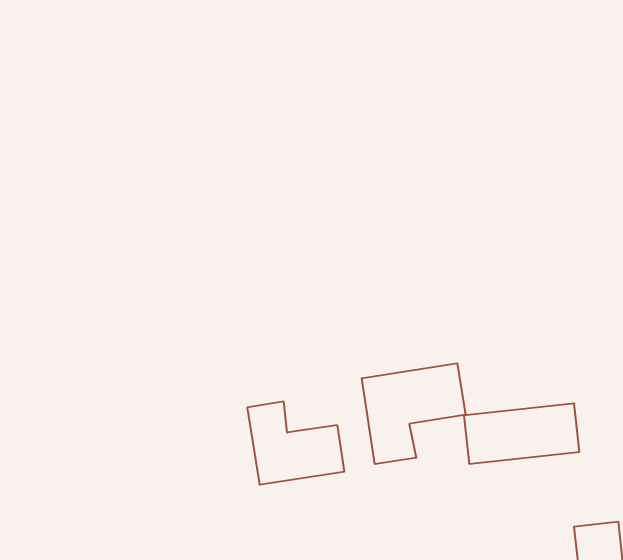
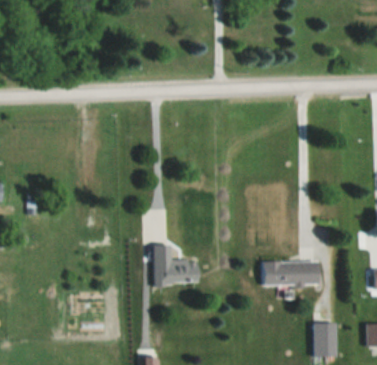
building: [362,363,465,464] -> none

